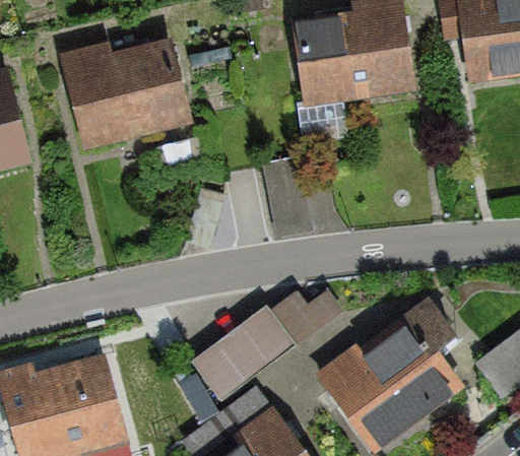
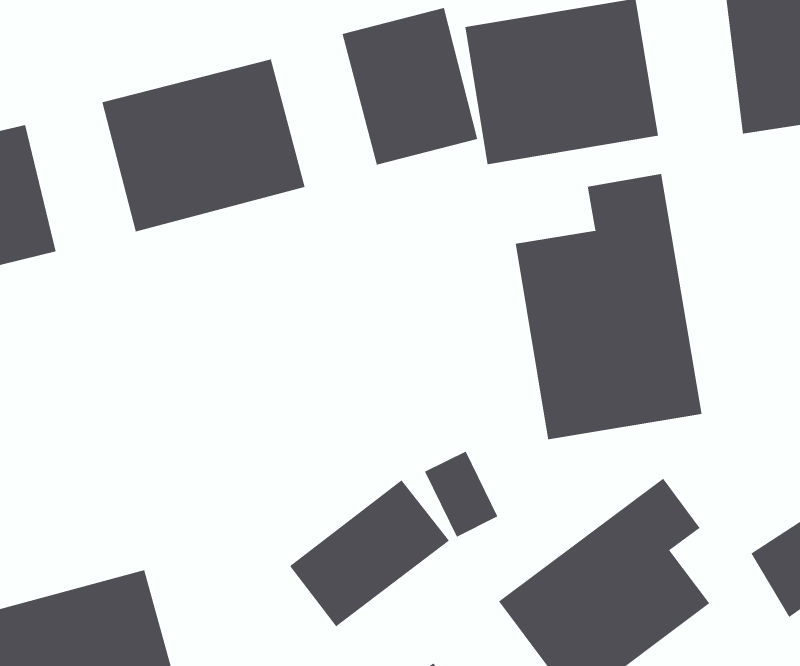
building: none -> [342,7,478,165]
building: none -> [515,173,702,440]

